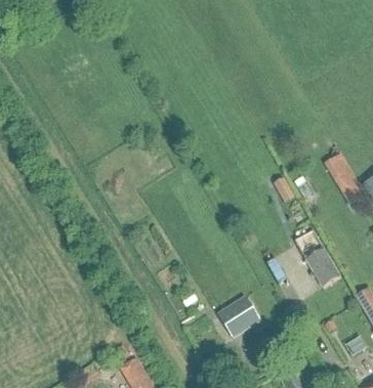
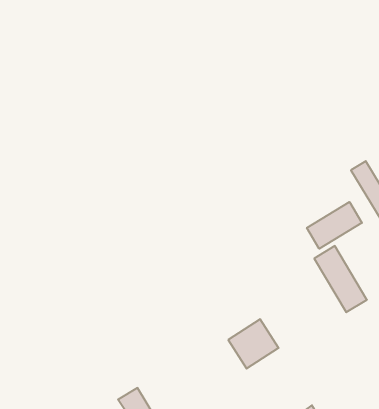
building: none -> [307,202,362,249]

